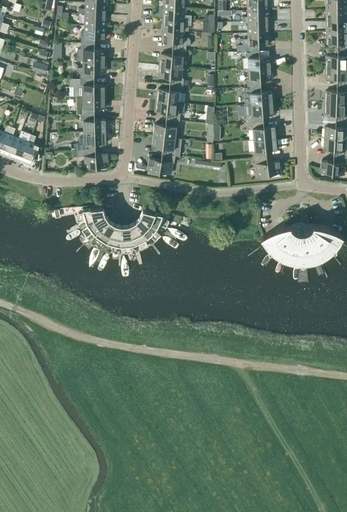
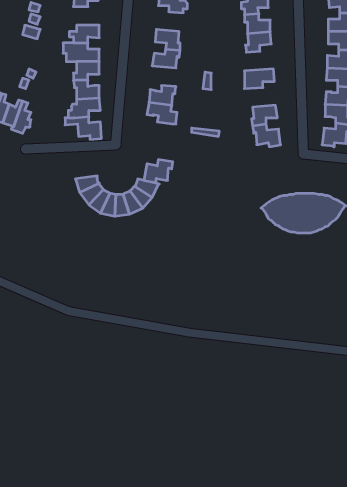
building: [76,44,105,62] -> none
building: [160,49,186,68] -> none
building: [244,87,273,106] -> none
building: [155,101,180,121] -> none
building: [245,122,275,141] -> none
building: [147,155,175,177] -> [144,160,173,182]

